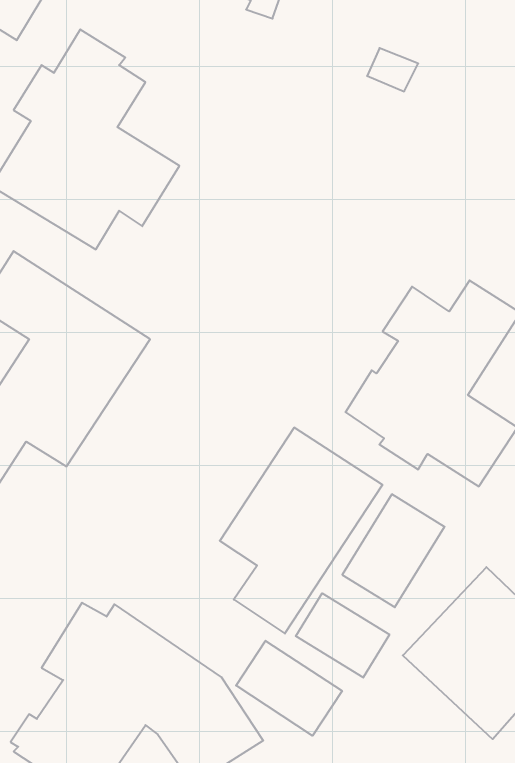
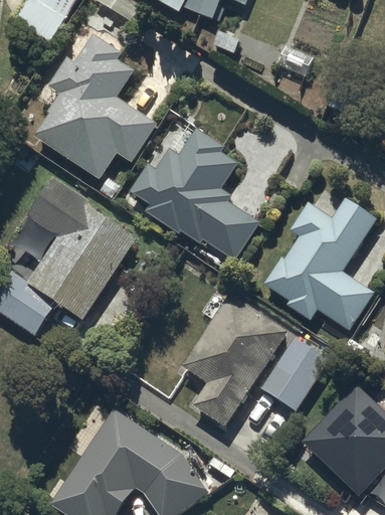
building: none -> [129,127,258,261]
building: [296,593,389,678] -> none
building: [236,641,342,736] -> none

